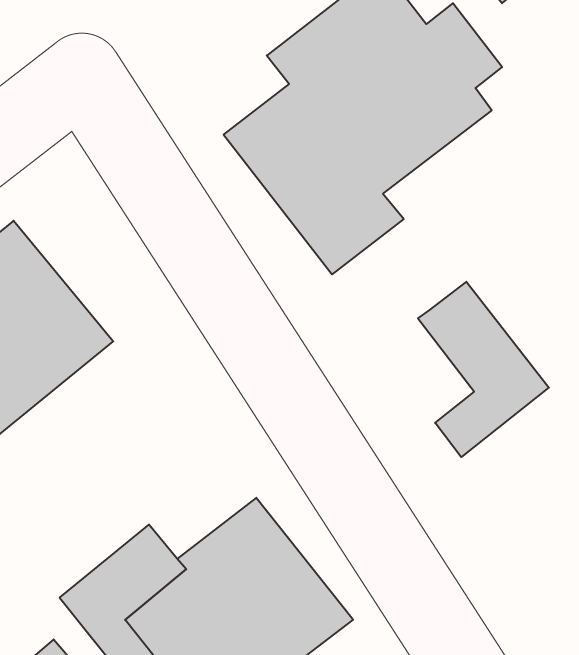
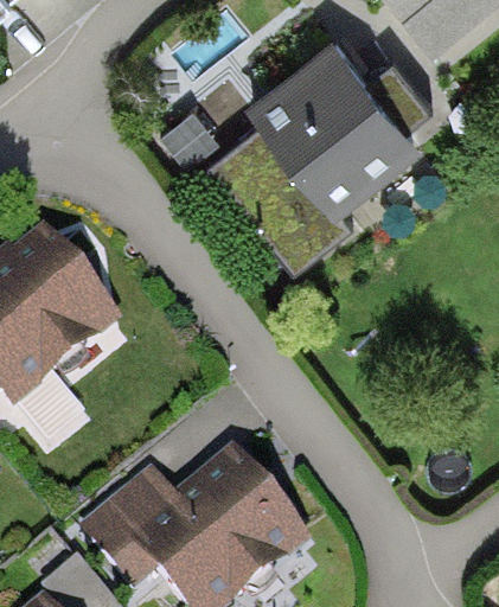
building: [418,282,549,457] -> none

